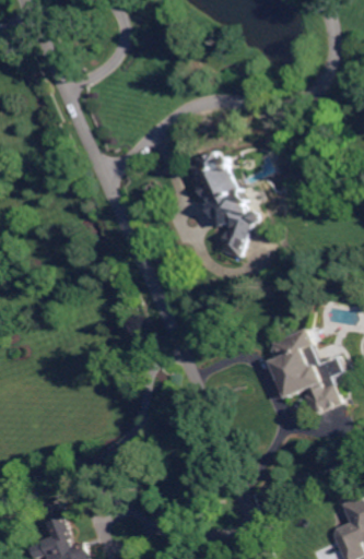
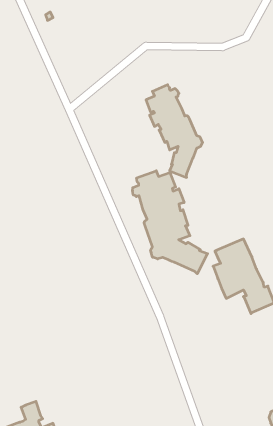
building: none -> [133,171,208,274]

